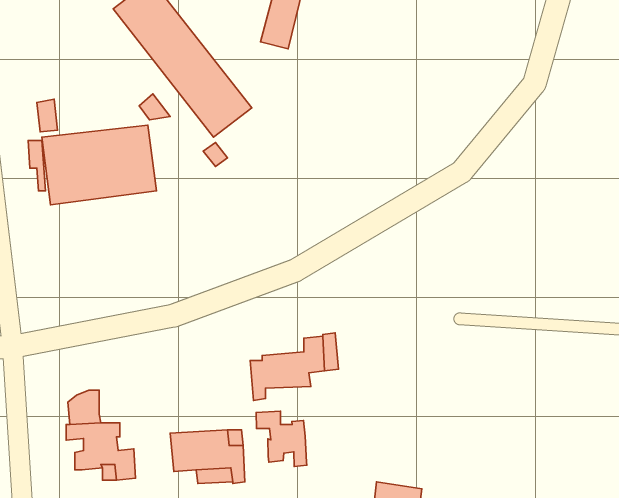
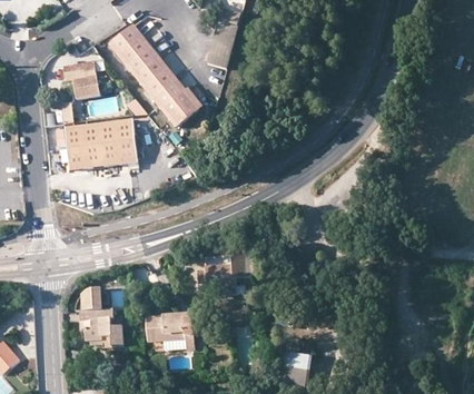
building: none -> [63,61,98,97]
building: [256,411,307,467] -> none

